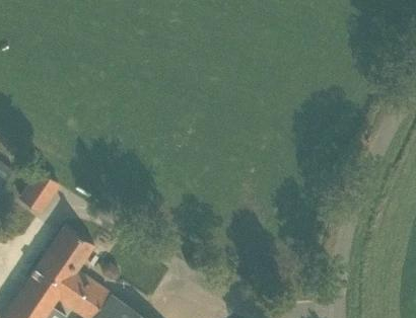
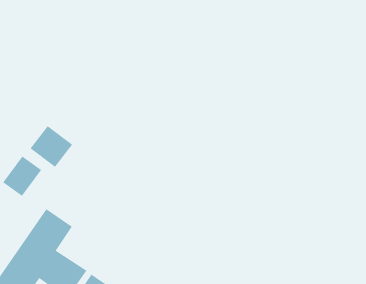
building: none -> [29,125,73,168]

